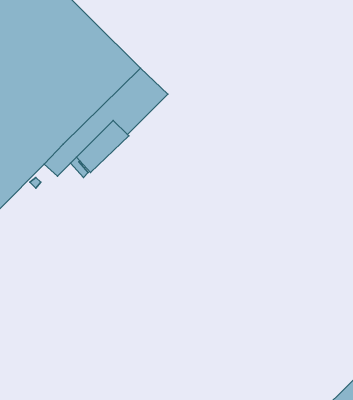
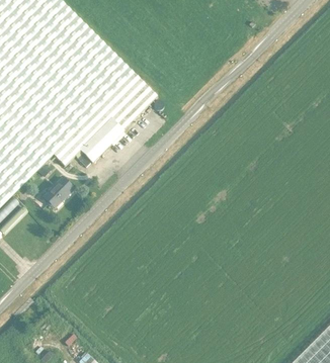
building: none -> [44,178,74,208]

